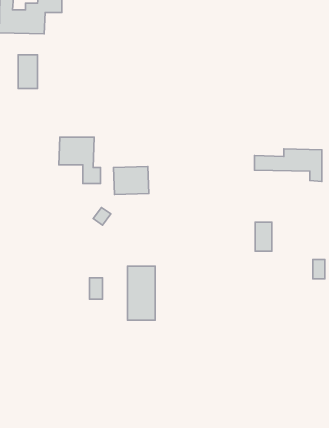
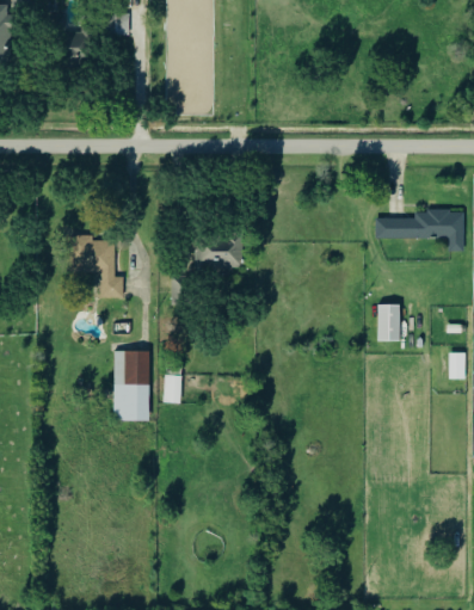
building: [18,55,37,89] -> none
building: [59,137,101,183] -> [69,238,123,297]
building: [127,266,155,320] -> [113,352,149,421]

